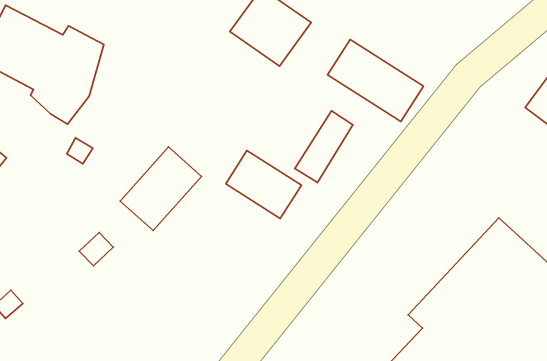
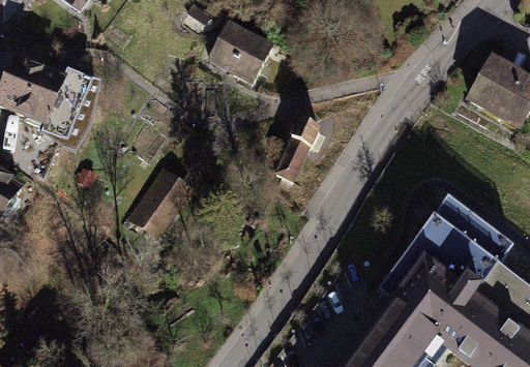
building: [328,39,423,121] -> none
building: [226,151,301,219] -> none

